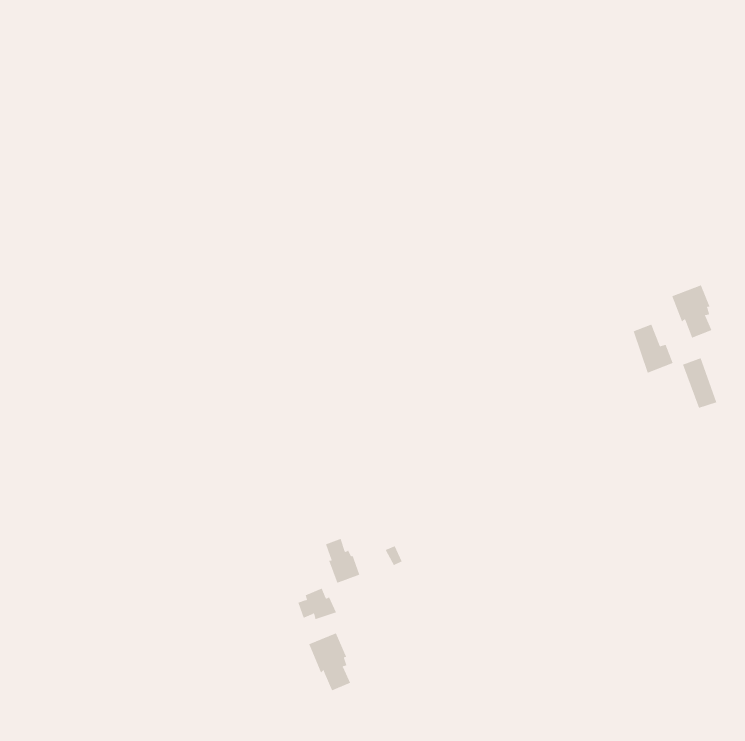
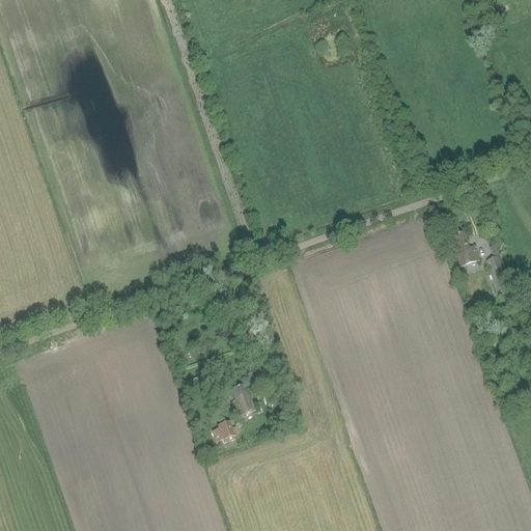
building: [672,284,712,338] -> none
building: [308,632,351,691] -> none

